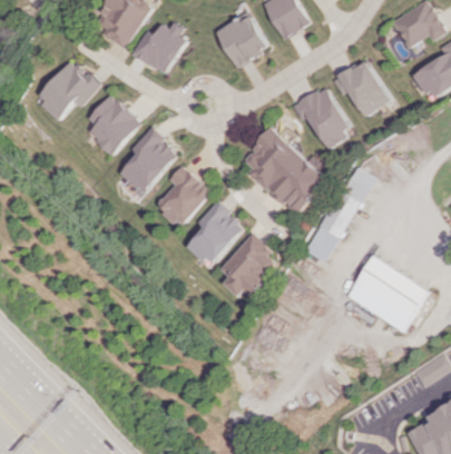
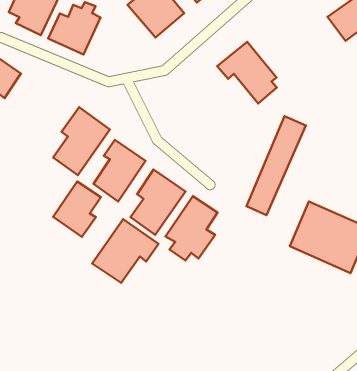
building: [335,59,394,117] -> none
building: [85,93,139,155] -> none
building: [241,128,330,215] -> none
building: none -> [53,181,101,237]
building: none -> [92,219,158,283]

